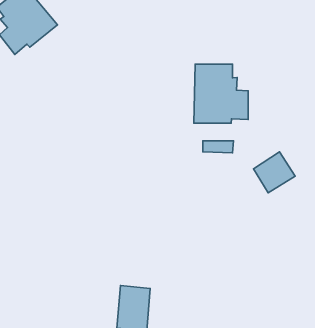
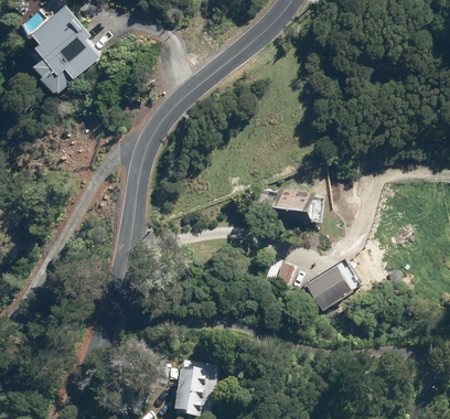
building: [194,64,248,123] -> none
building: [253,152,295,193] -> [301,262,351,311]

